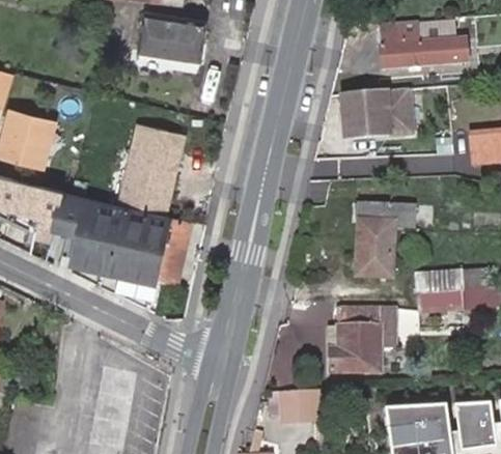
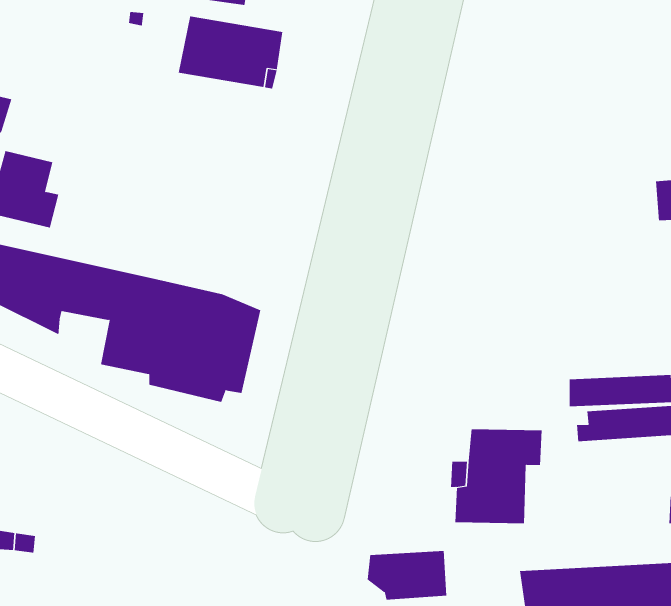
building: [377,19,467,67] -> none
building: [344,86,414,134] -> none
building: [121,122,185,212] -> none
building: [355,203,411,276] -> none

